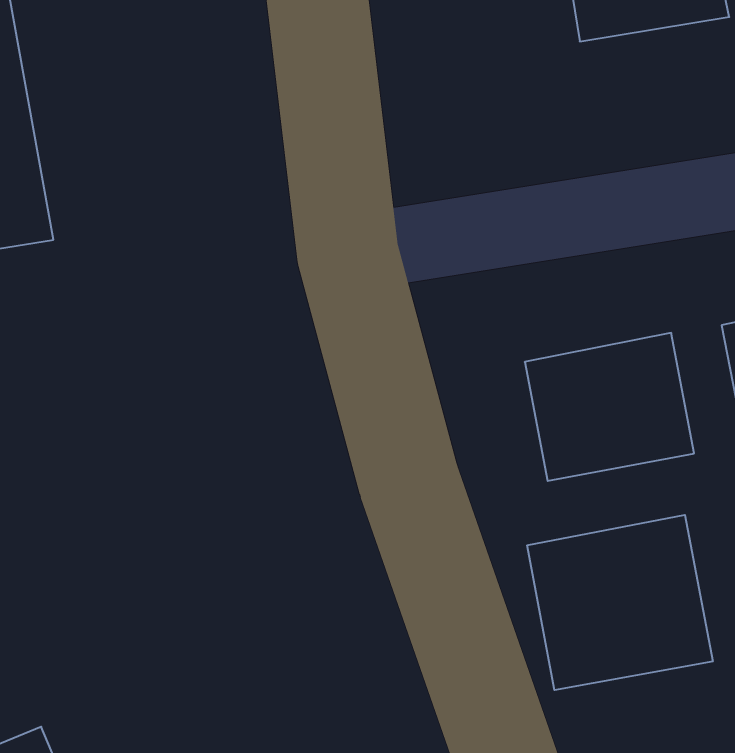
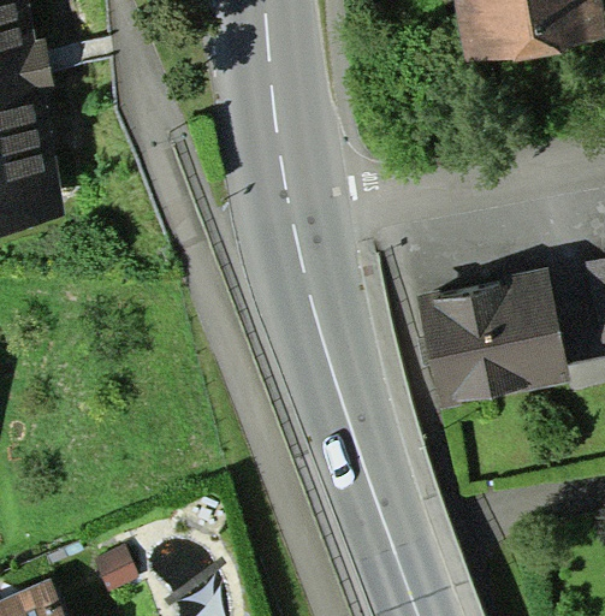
building: [527,515,713,690] -> none

